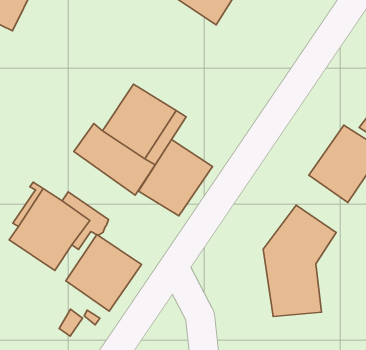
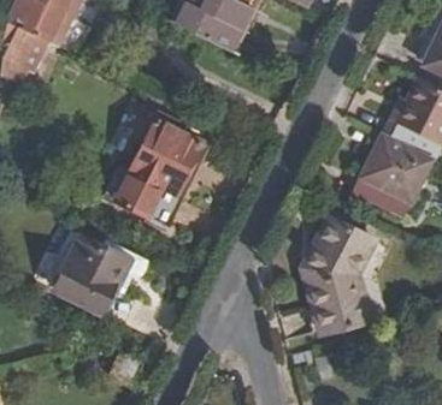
building: [139,140,213,216] -> none
building: [66,235,141,311] -> none

